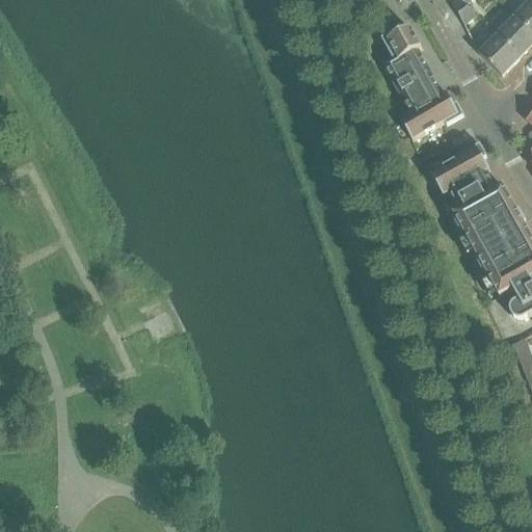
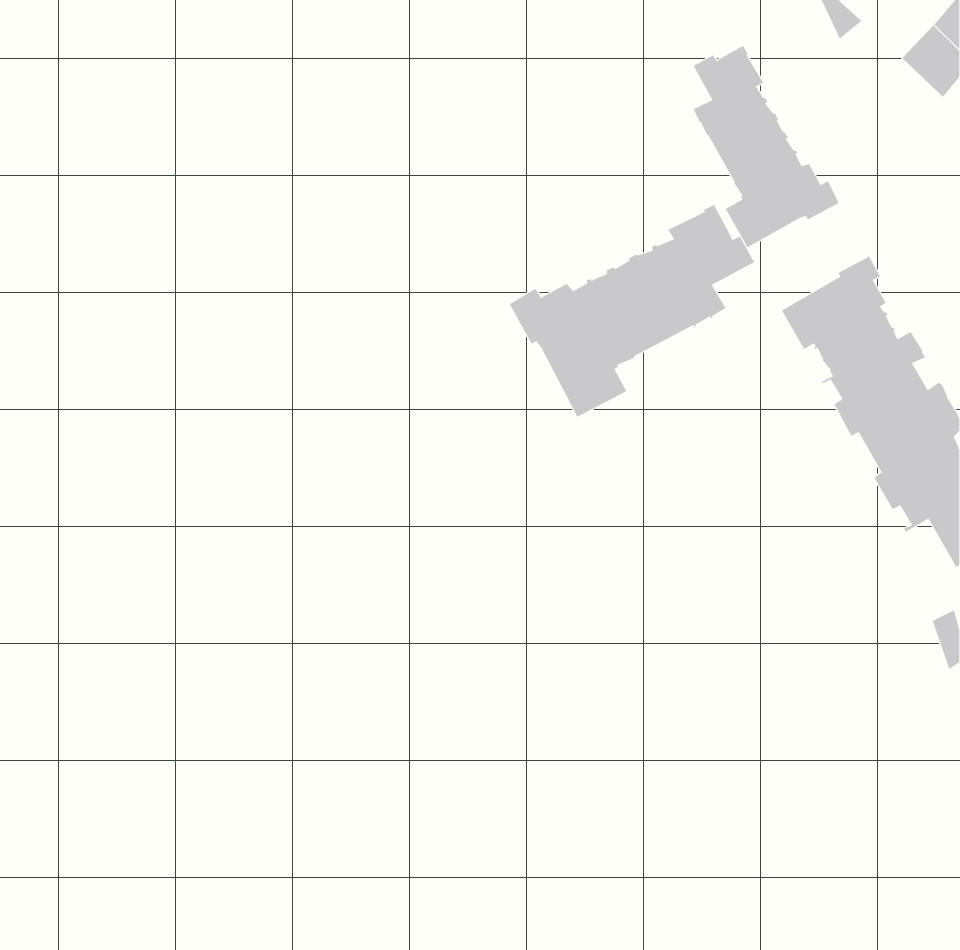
building: [479,32,521,73] -> none
building: none -> [509,204,755,418]

